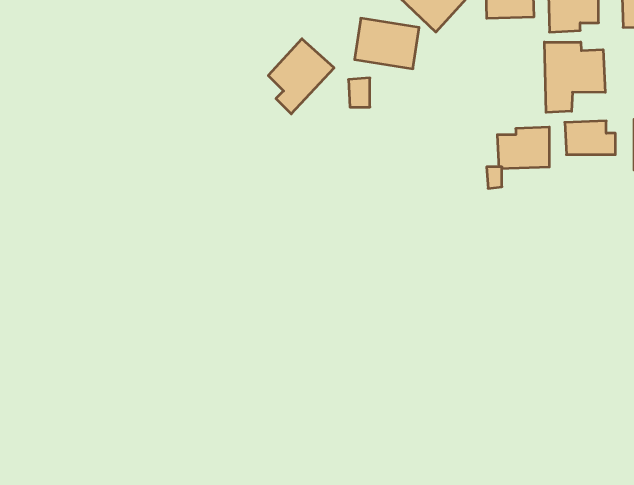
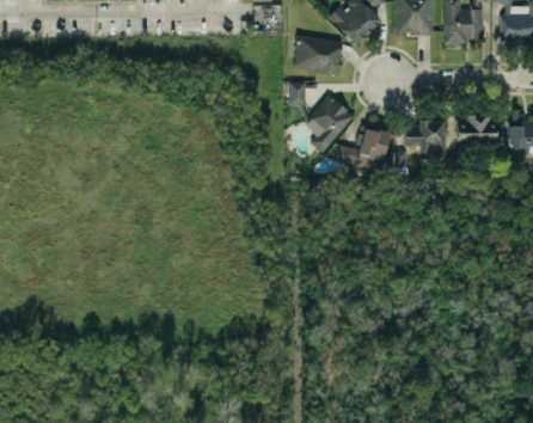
building: [268,39,334,114] -> [304,94,355,153]
building: [544,42,605,112] -> none
building: none -> [338,127,391,171]

